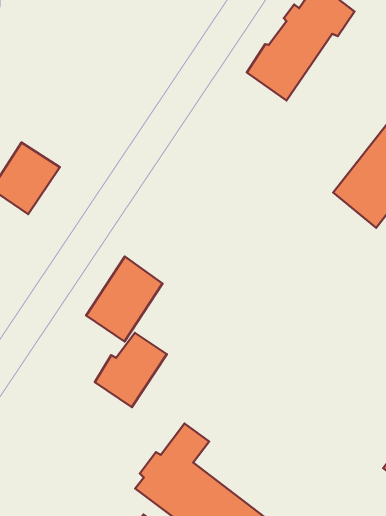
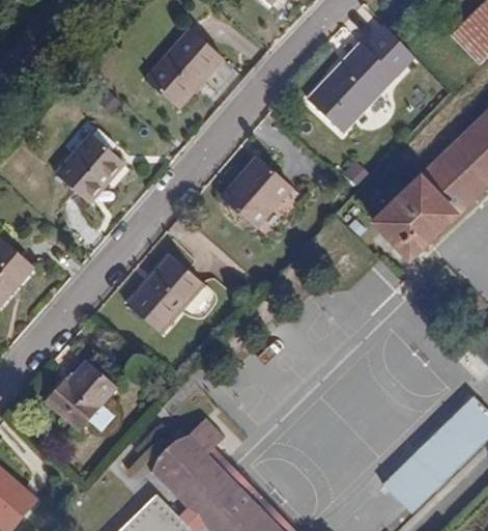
building: none -> [147,30,223,106]
building: none -> [223,157,292,227]
building: [95,333,167,407] -> [47,361,117,429]

